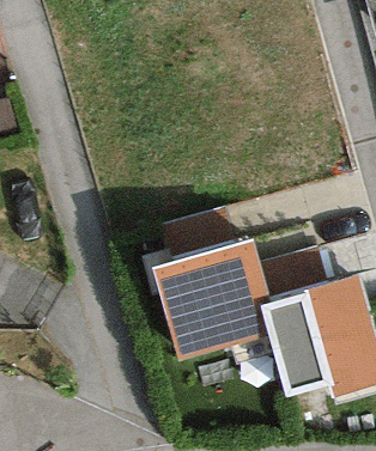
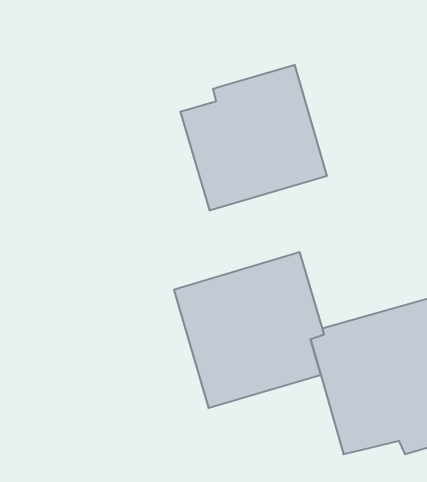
building: none -> [181,65,327,211]

